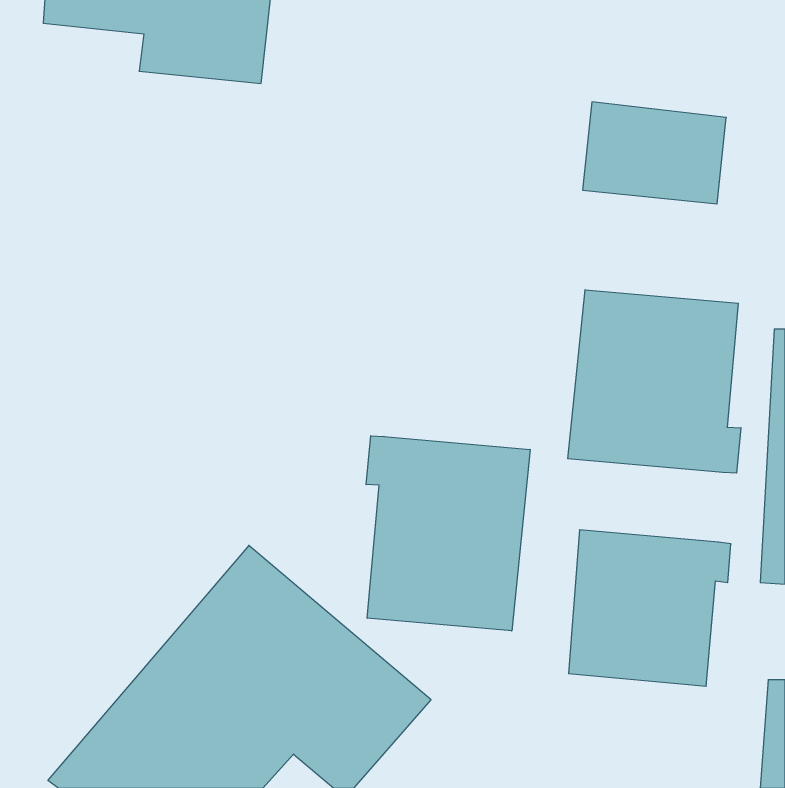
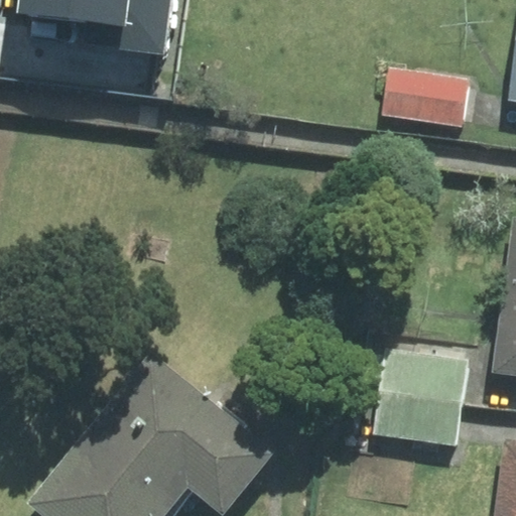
building: [568,290,741,473] -> none
building: [366,436,530,631] -> none

